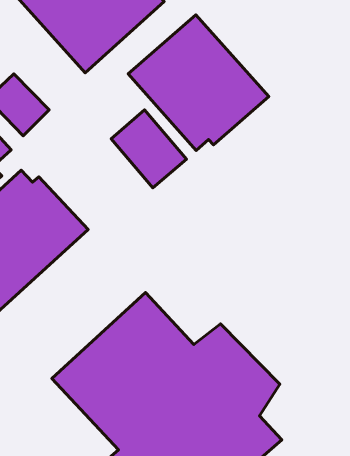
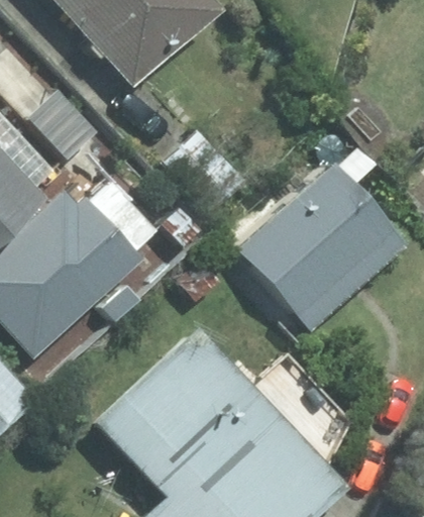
building: [128,15,269,150] -> none
building: none -> [238,149,405,330]

